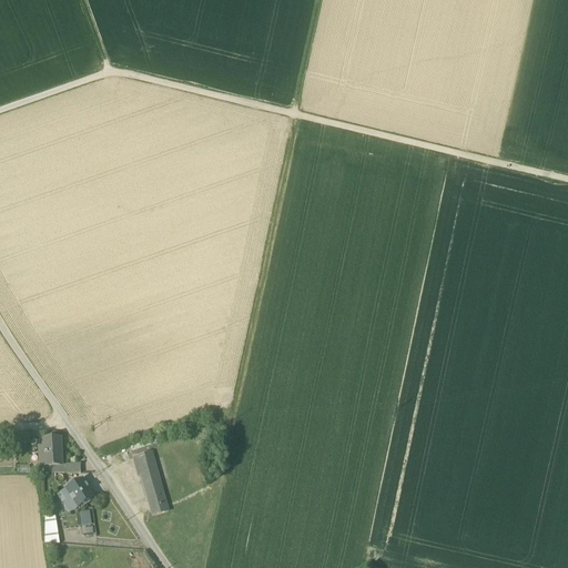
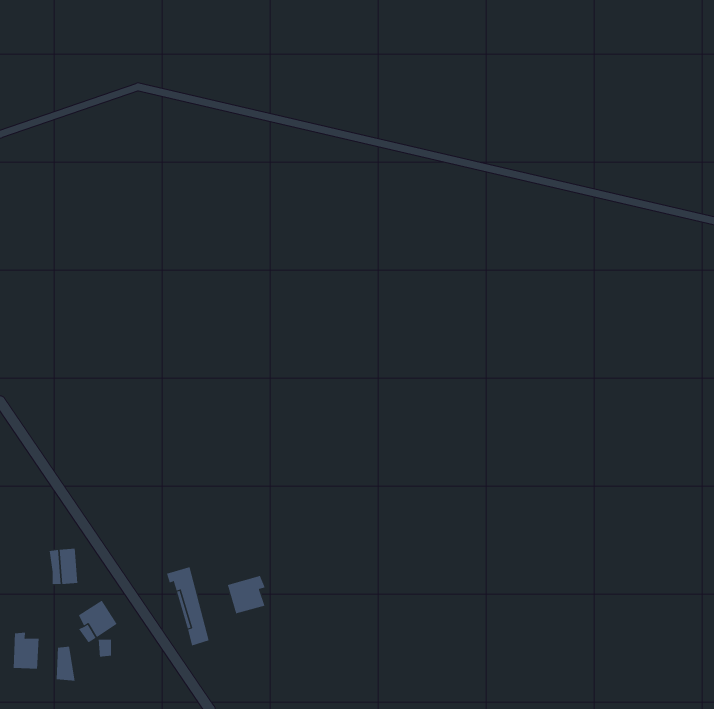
building: none -> [227,575,265,614]
building: none -> [13,632,39,669]

